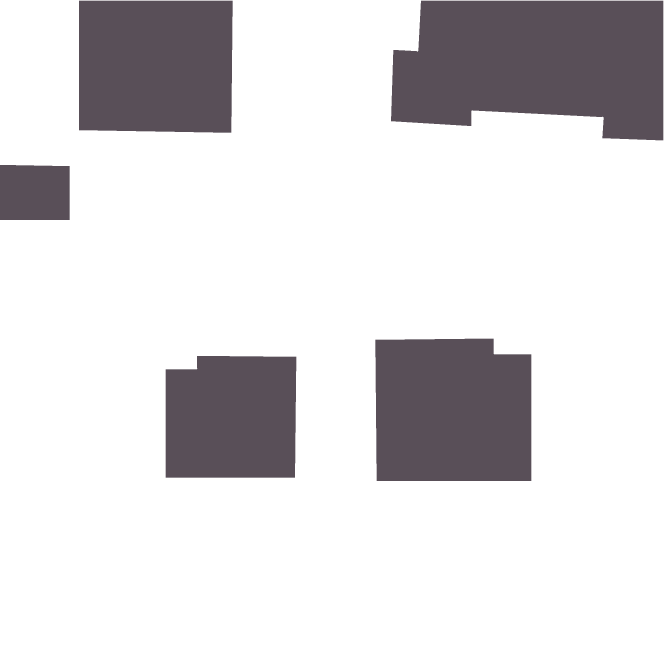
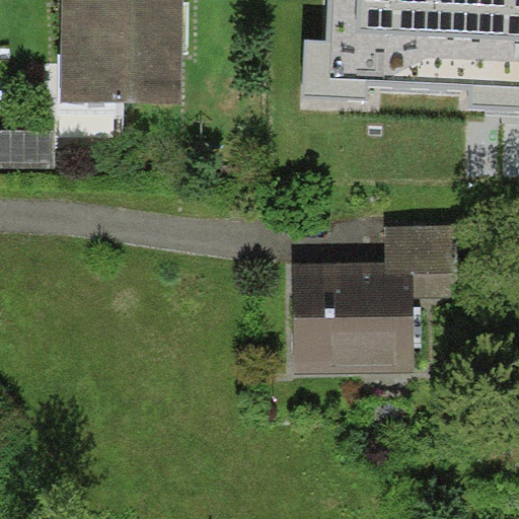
building: none -> [384,226,456,298]
building: [165,355,297,478] -> none

